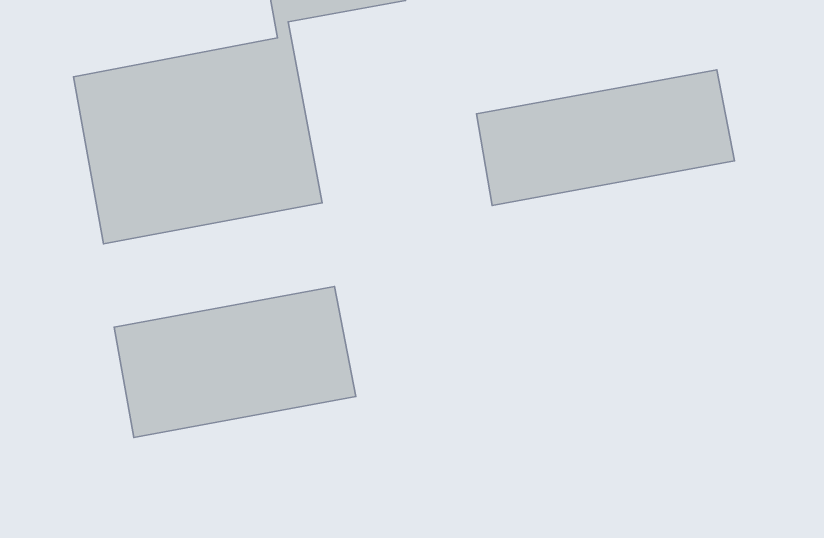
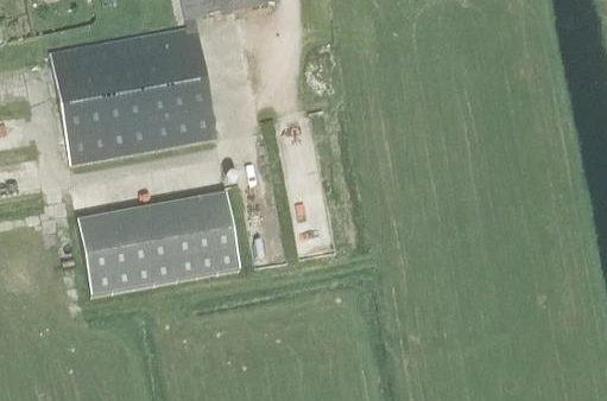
building: [476,70,734,206] -> none

